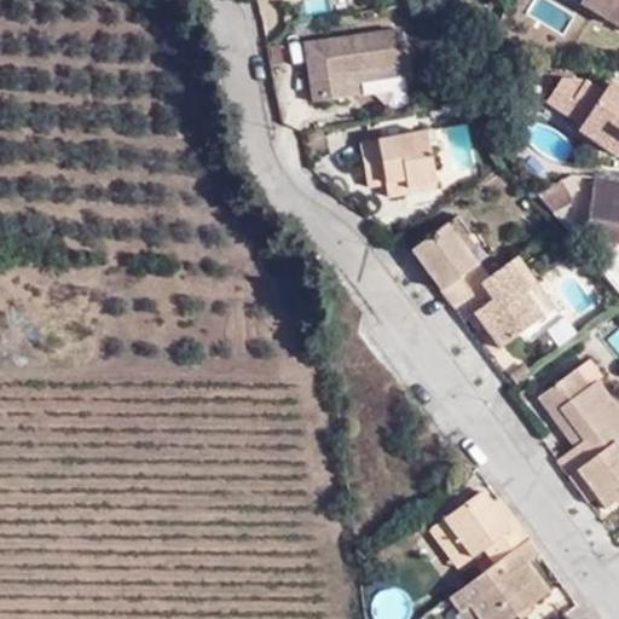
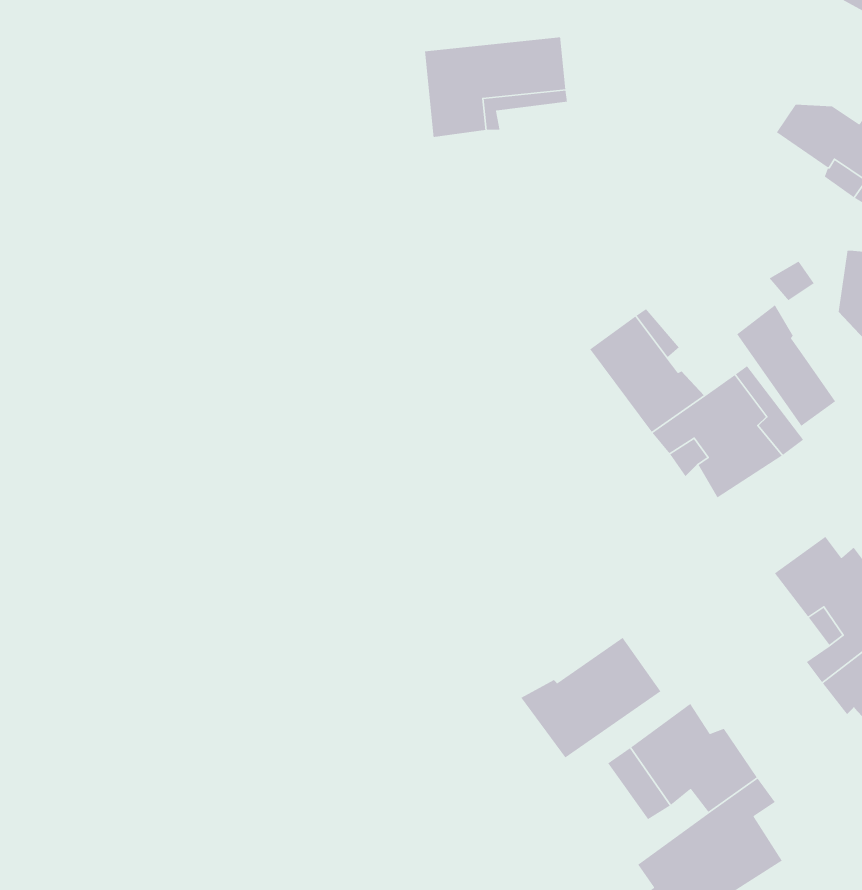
building: [366,134,439,195] -> none
building: none -> [736,304,836,427]
building: none -> [520,637,662,759]

